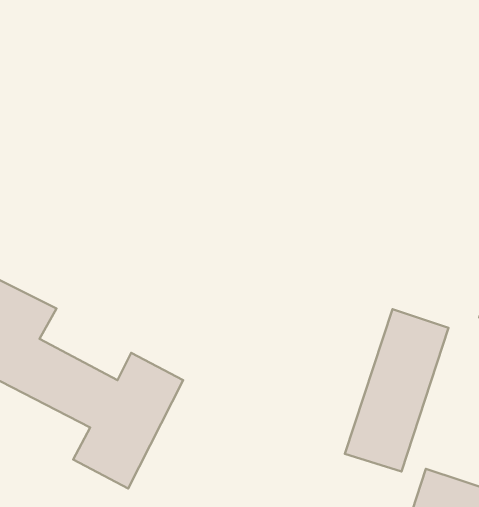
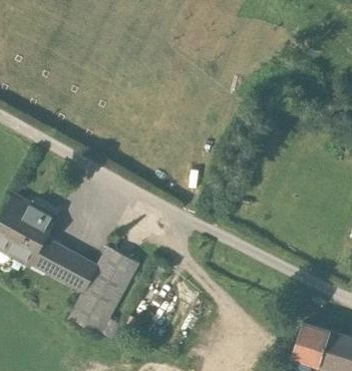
building: [345,309,448,471] -> none

